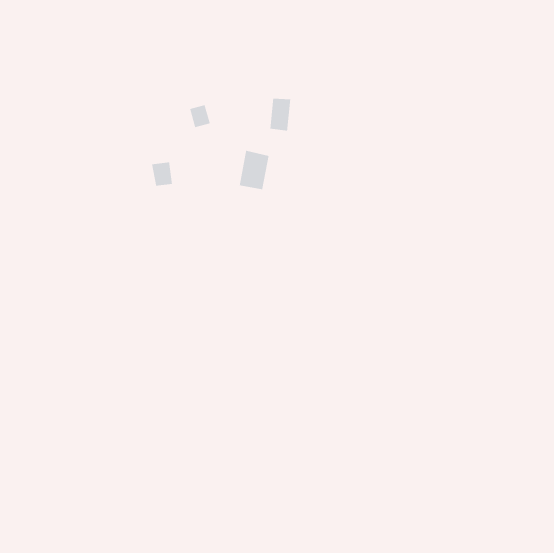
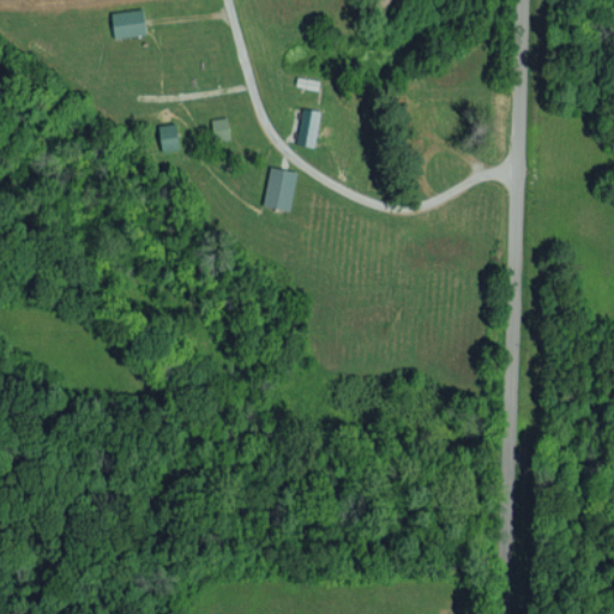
building: none -> [113,10,149,41]
building: [151,162,173,187] -> [158,125,182,152]

